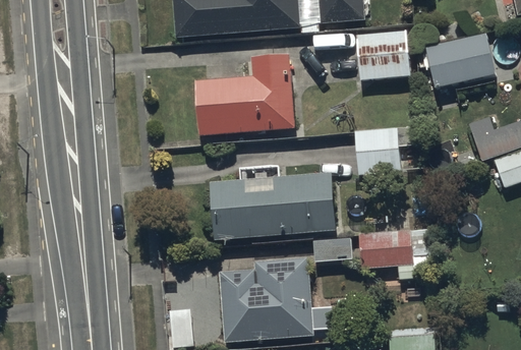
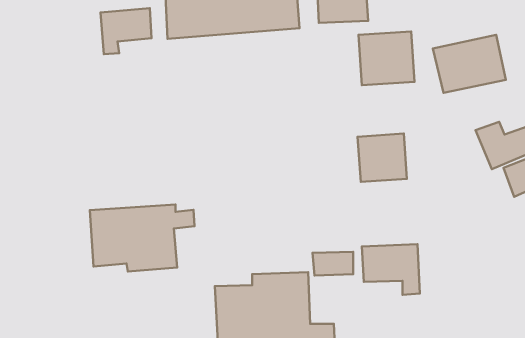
building: none -> [100,8,152,54]
building: [195,51,296,136] -> none
building: [212,171,336,237] -> none
building: none -> [90,205,195,271]

